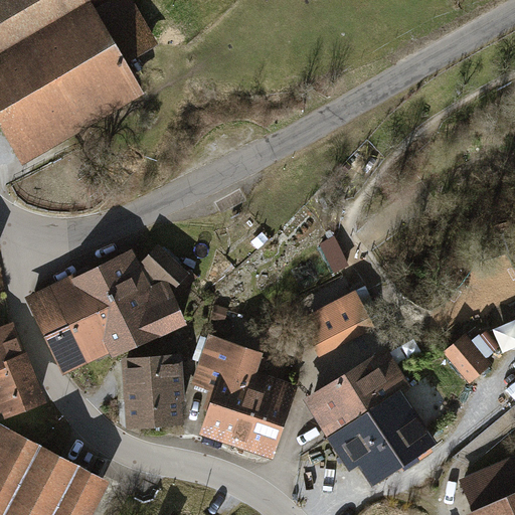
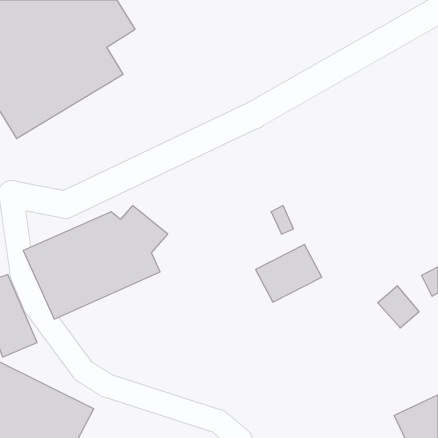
building: [191,341,291,452] -> none
building: [311,348,428,478] -> none
building: [117,355,188,428] -> none

